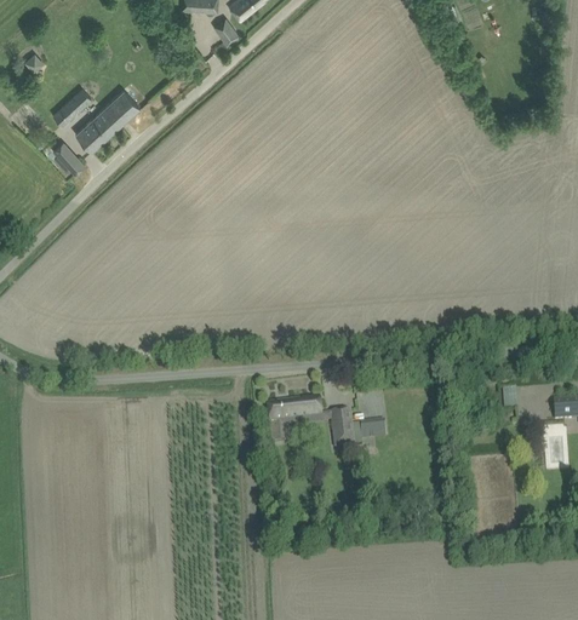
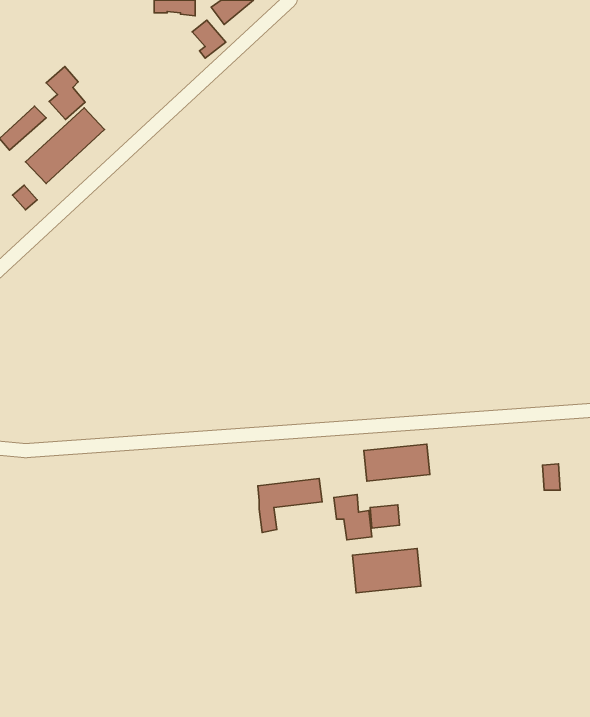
building: none -> [46,66,85,120]
building: none -> [364,444,430,481]
building: none -> [352,548,421,593]

